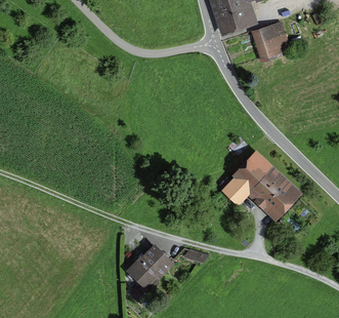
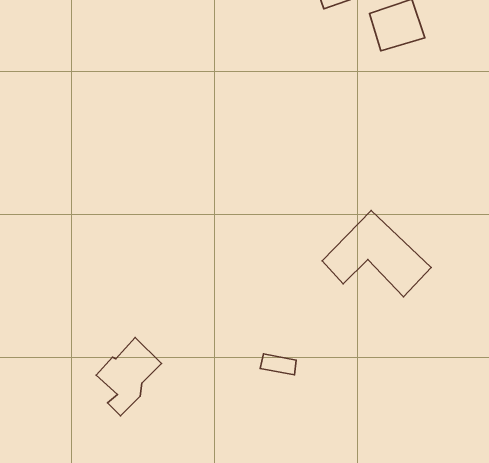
building: [130,245,171,294] -> [96,338,161,416]

